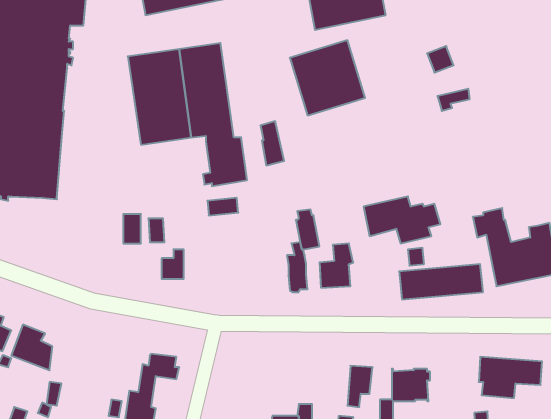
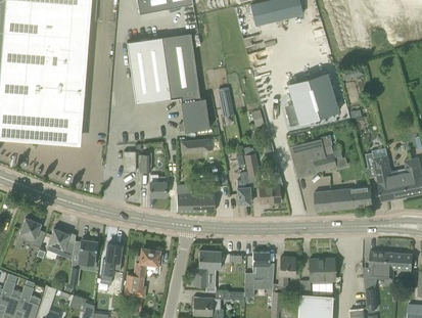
building: [290,40,365,115] -> [287,72,339,124]
building: none -> [177,191,216,212]
building: none -> [79,237,98,264]
building: none -> [100,243,122,284]
building: none -> [194,251,222,286]
building: none -> [253,252,275,285]

